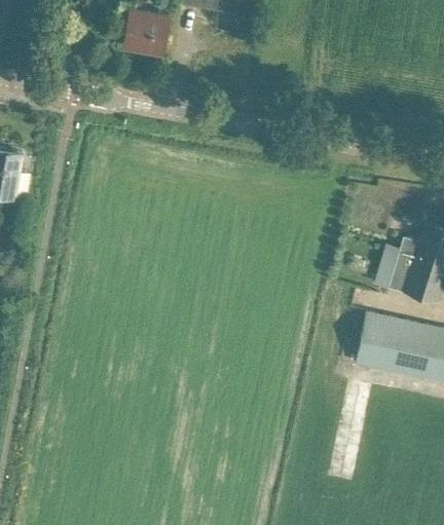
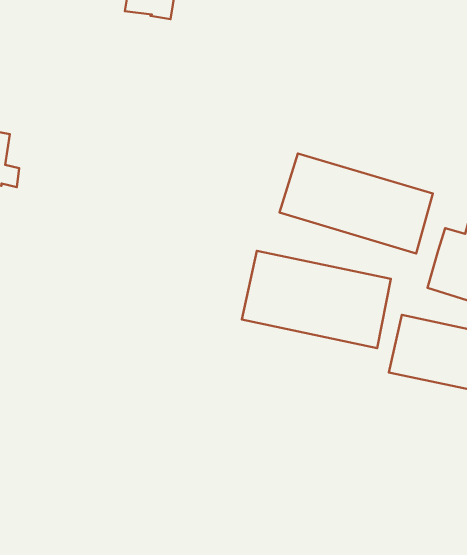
building: none -> [280,153,433,253]
building: none -> [242,251,391,348]

